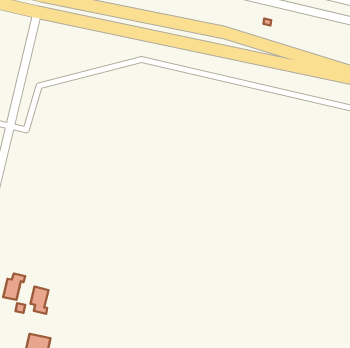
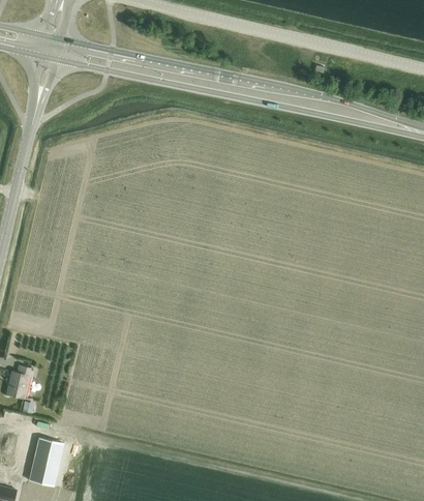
building: [30,286,48,314] -> none

